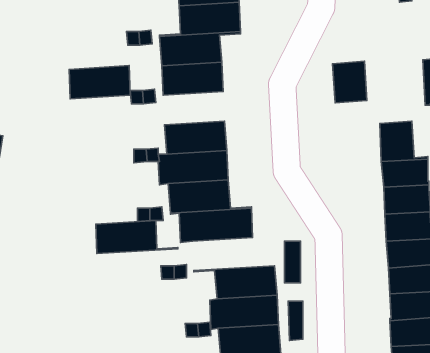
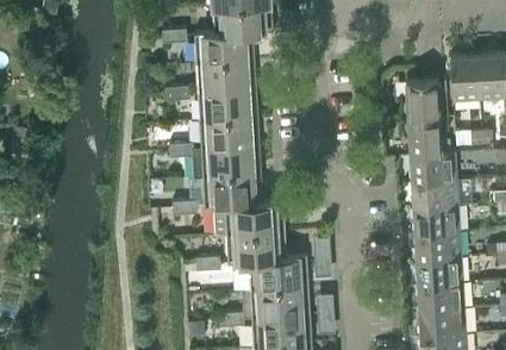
building: [333,61,367,103] -> [406,80,439,120]
building: [69,66,130,99] -> [198,89,257,121]
building: [96,220,178,254] -> [226,231,306,263]

